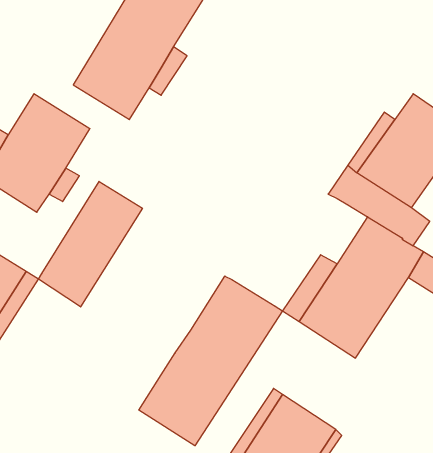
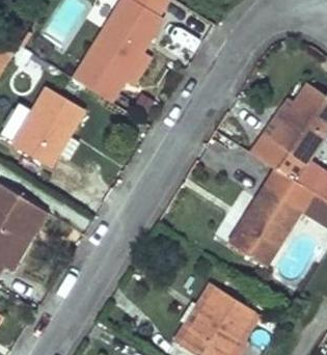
building: [38,181,142,307] -> none
building: [139,276,283,446] -> none

